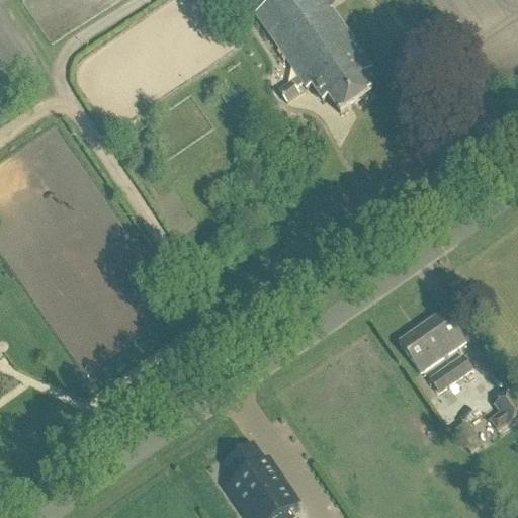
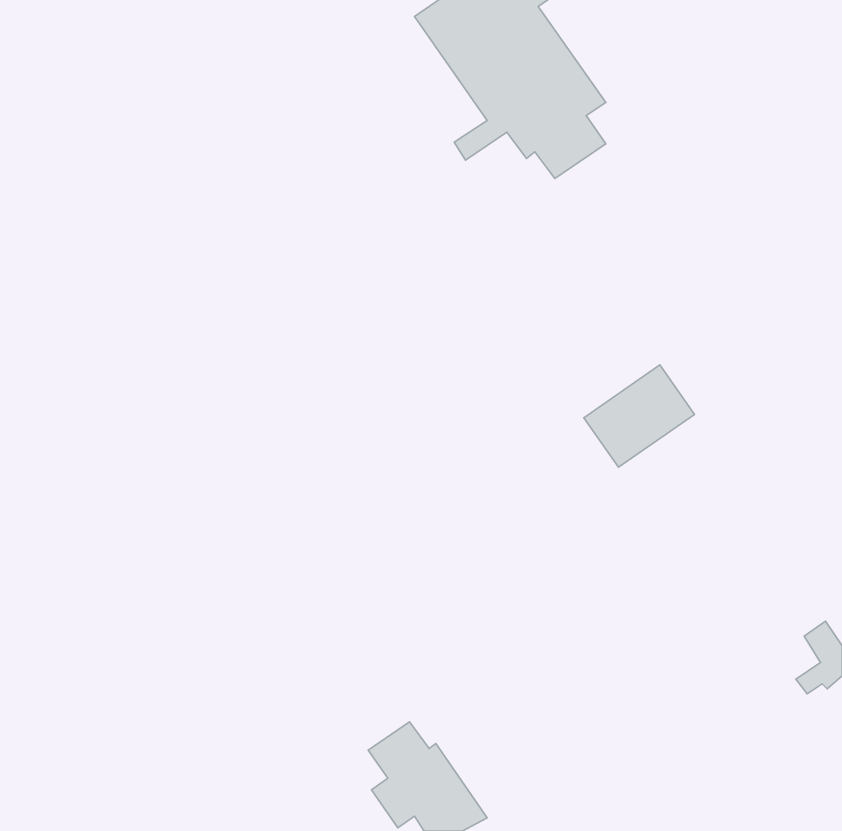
building: [398,308,465,370] -> [584,365,694,467]
building: [429,351,473,391] -> none

